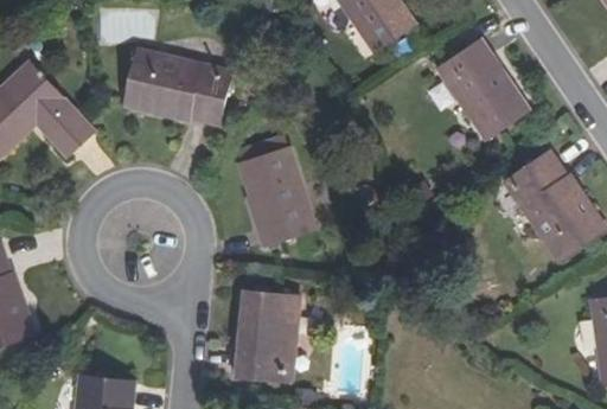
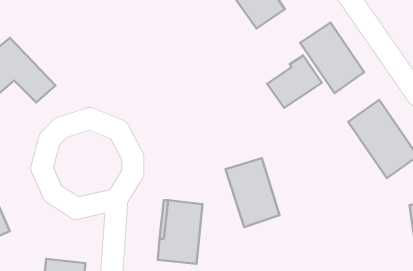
building: [123,50,230,126] -> none
building: none -> [267,56,322,108]
building: [239,151,315,248] -> [226,158,279,227]

